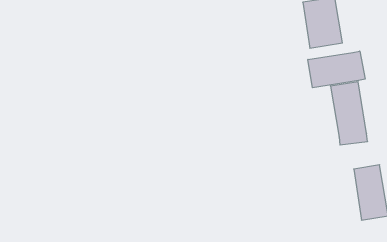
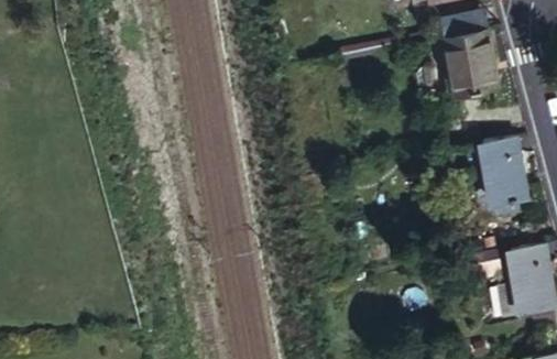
building: [308,51,365,88] -> none

